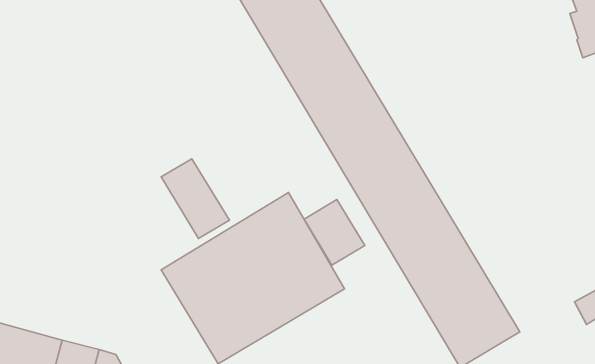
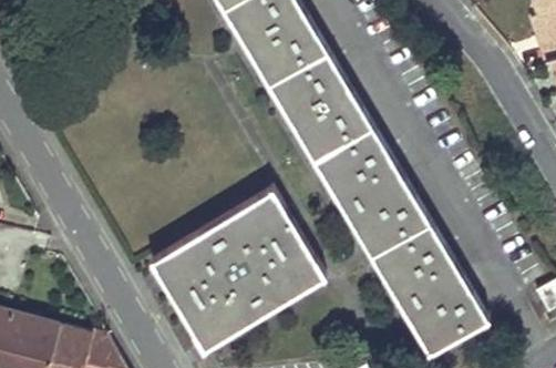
building: [161,159,229,238] -> none
building: [304,200,365,265] -> none

